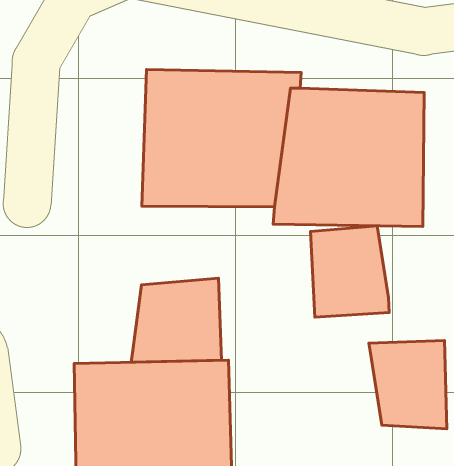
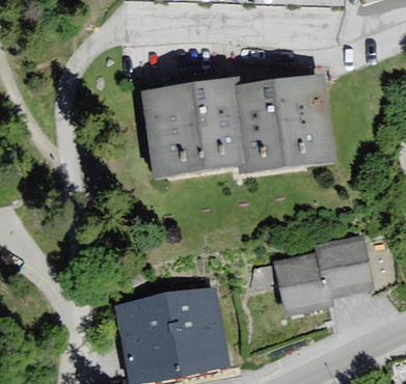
building: [310,226,389,317] -> [270,251,330,318]
building: [131,278,221,362] -> none

